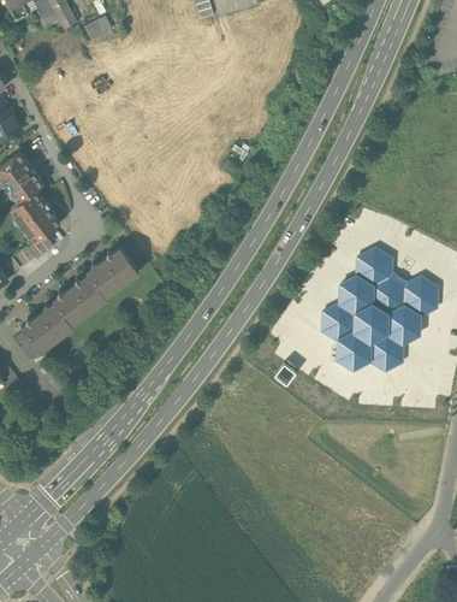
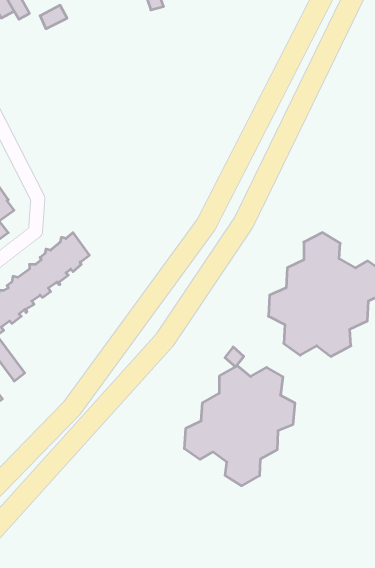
building: none -> [184,366,295,486]

